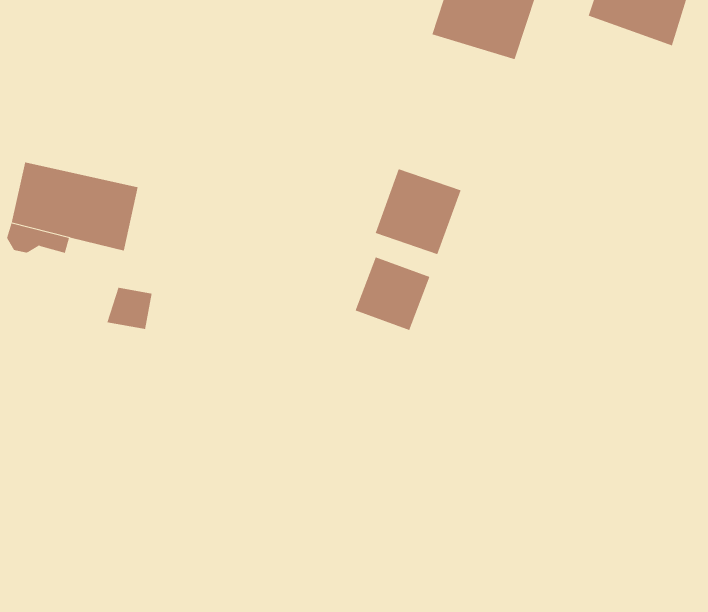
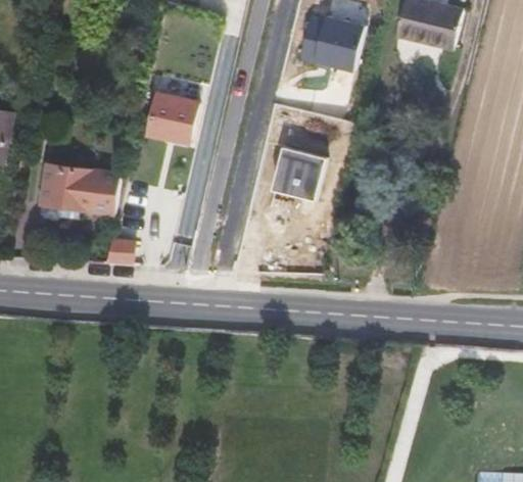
building: none -> [145,91,198,144]
building: [355,257,430,331] -> none

